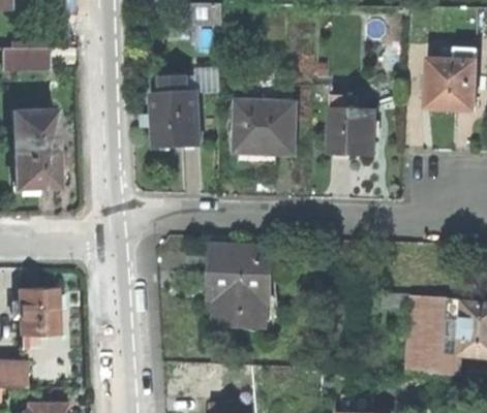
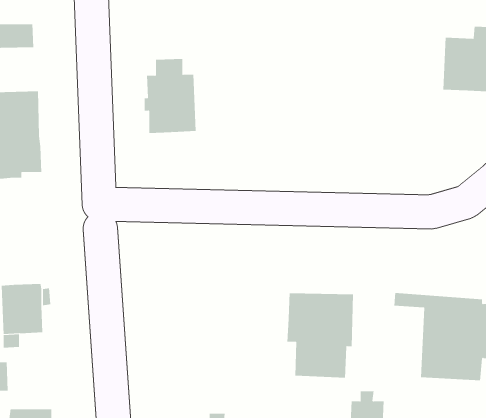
building: [331,96,374,155] -> none
building: [234,101,293,163] -> none
building: [212,249,274,327] -> [287,293,354,378]

